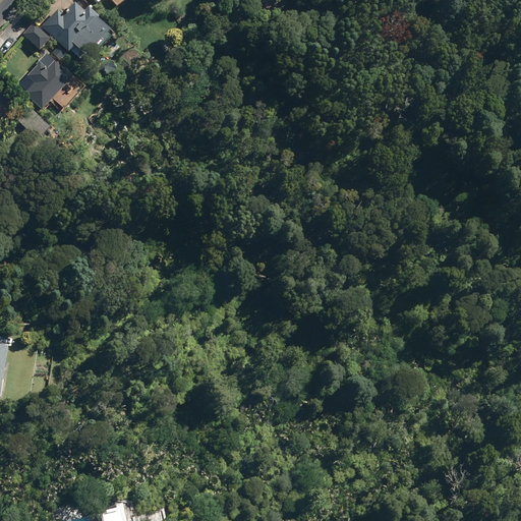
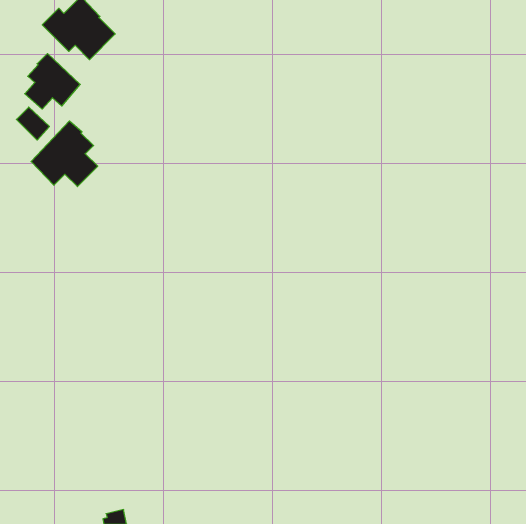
building: [23,21,51,49] -> none
building: none -> [31,121,98,187]

